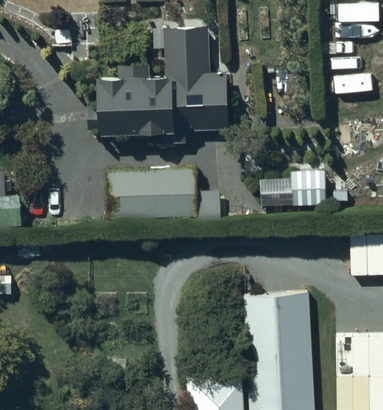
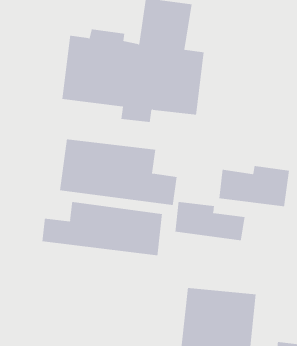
building: none -> [175,201,245,241]
building: none -> [42,201,163,256]

